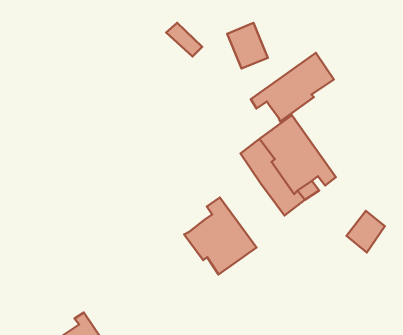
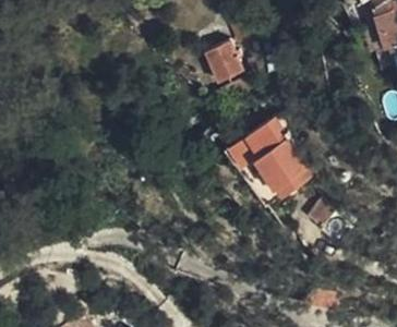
building: [251,53,334,121] -> none
building: [184,198,256,275] -> none

